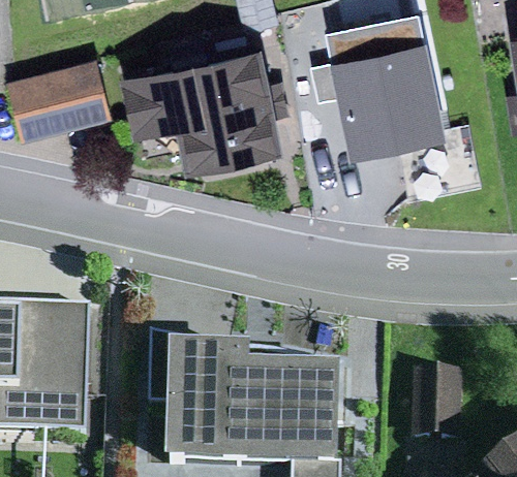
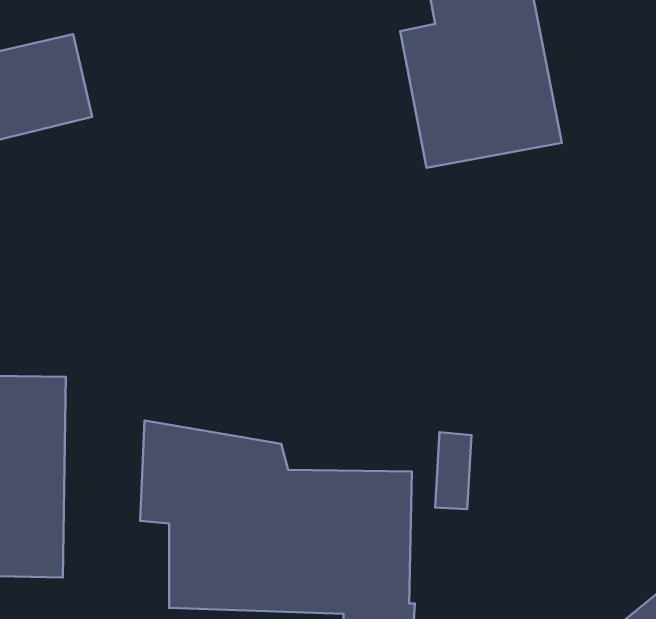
building: [119,49,277,165] -> none
building: [413,371,460,442] -> none

